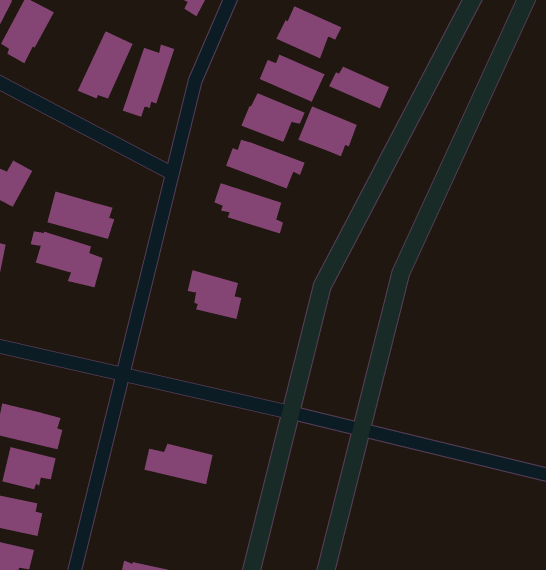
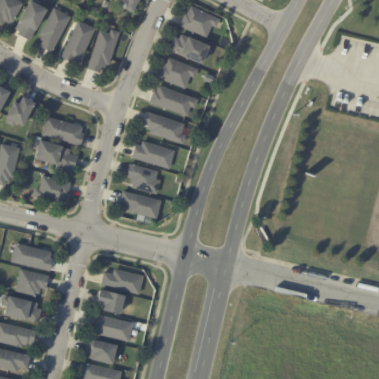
building: none -> [40,8,71,52]
building: [328,66,390,109] -> none
building: [297,106,358,157] -> none
building: none -> [132,142,175,169]
building: none -> [34,177,70,204]
building: none -> [120,192,161,219]
building: none -> [97,289,124,313]
building: none -> [92,313,133,340]

